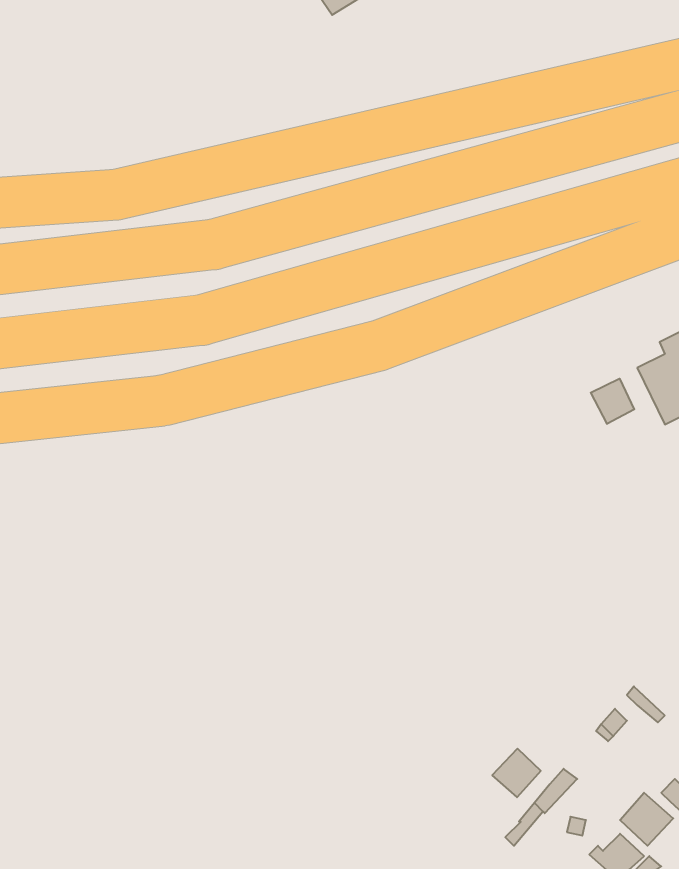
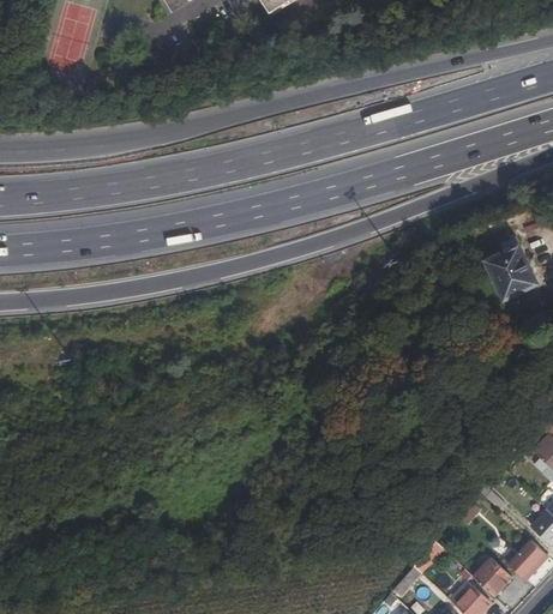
building: [591,379,634,424] -> none
building: [492,749,541,797] -> none

